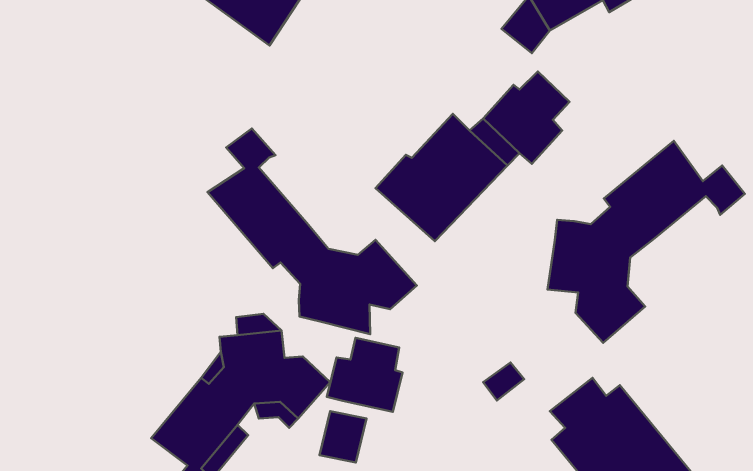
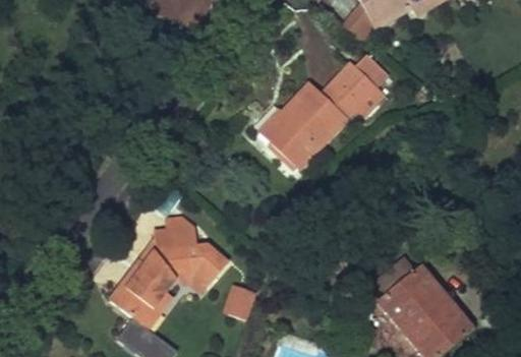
building: [207,128,417,334] -> none
building: [548,141,745,343] -> none
building: [327,338,402,412] -> none

